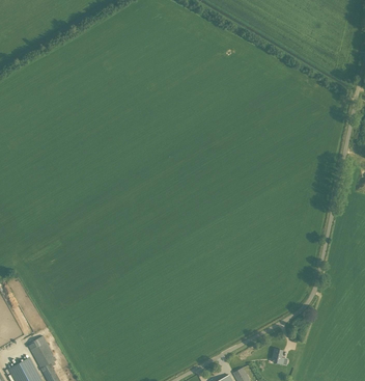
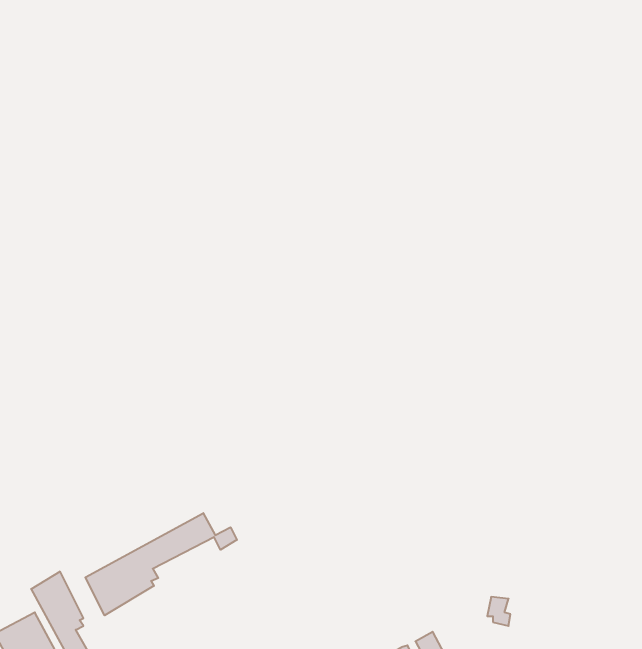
building: none -> [85,513,237,615]

